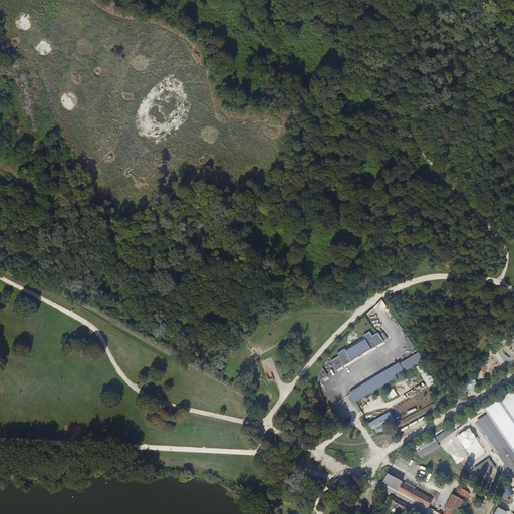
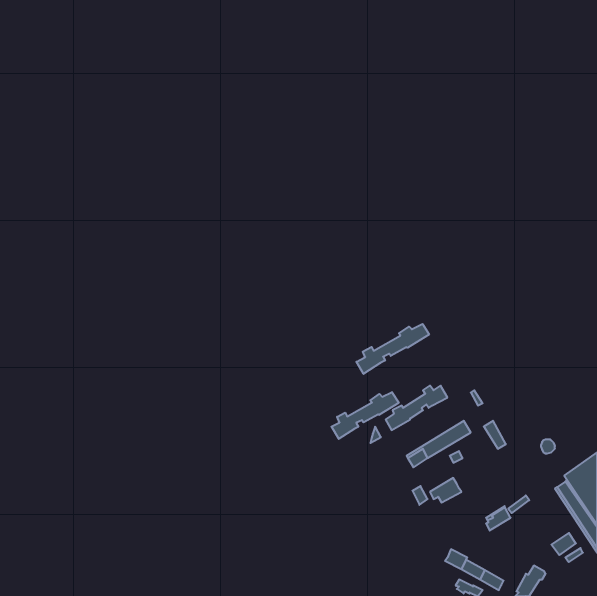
building: none -> [356,324,429,374]
building: none -> [331,392,399,439]

